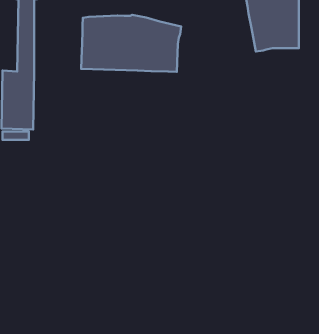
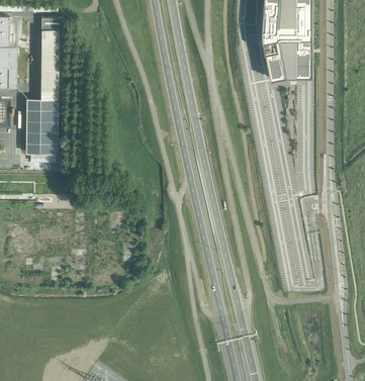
building: [81,15,181,72] -> none

